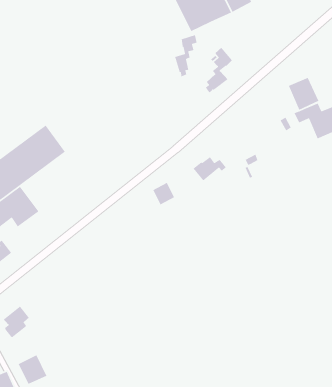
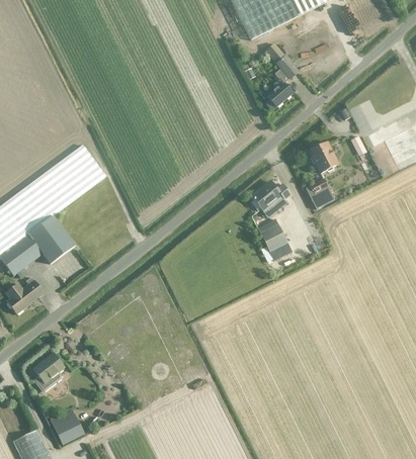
building: [174,34,198,77] -> none
building: [288,77,320,111] -> none
building: none -> [309,143,338,173]
building: [152,182,175,206] -> [260,224,286,252]

